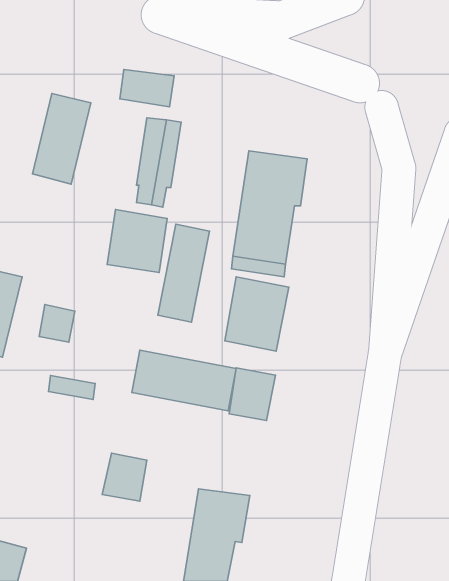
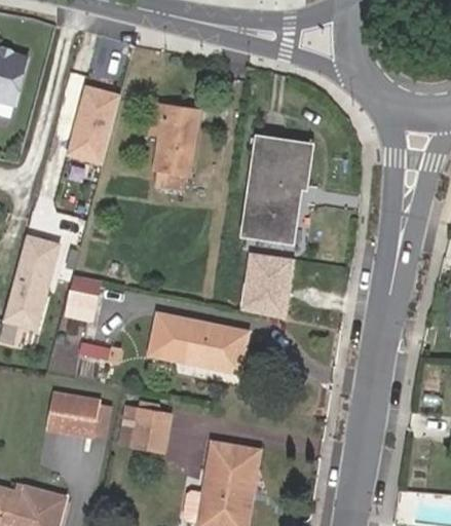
building: [120,69,174,107] -> none
building: [107,209,167,272] -> none
building: [158,224,209,322] -> none
building: [229,368,276,421] -> none
building: none -> [46,391,96,433]

